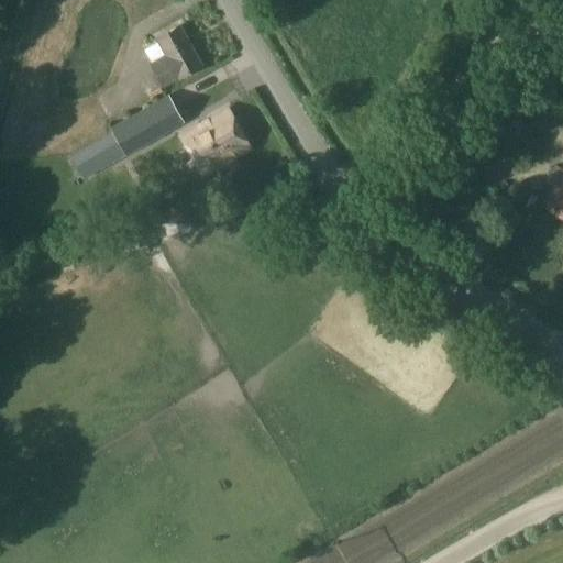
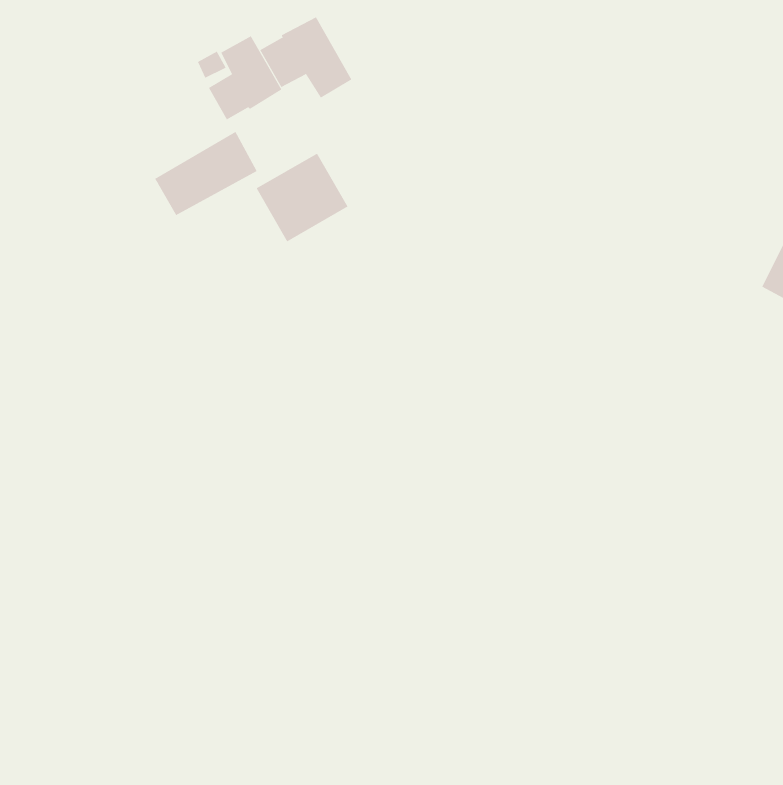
building: none -> [260,17,352,99]
building: [74,131,129,178] -> none

